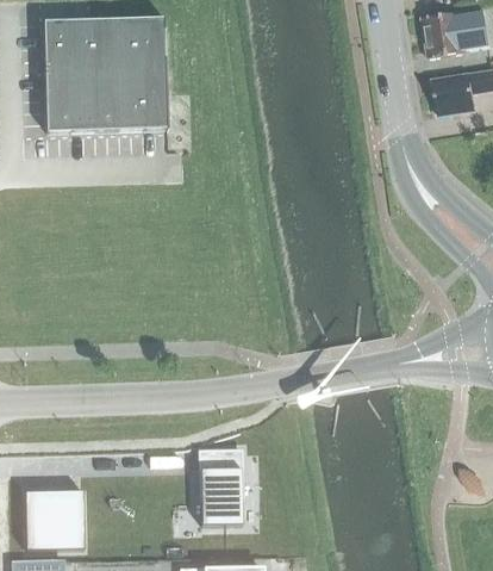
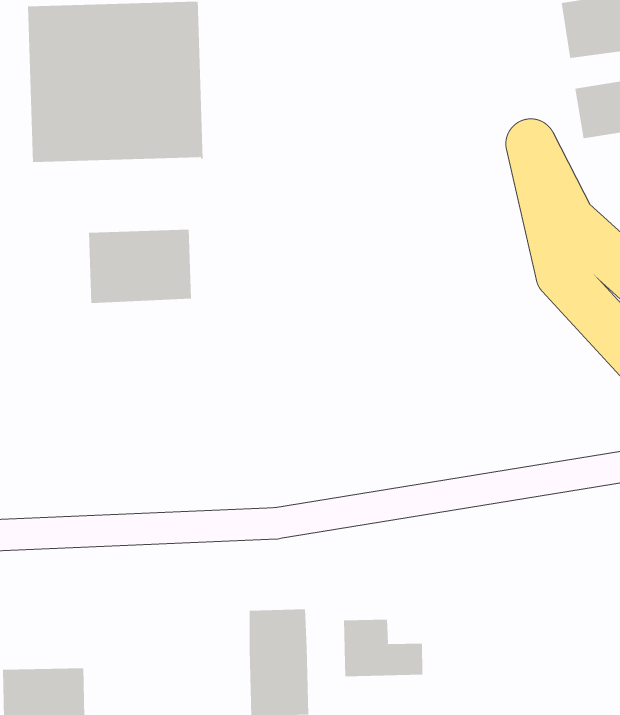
building: none -> [89,229,191,304]
building: none -> [344,619,423,677]

